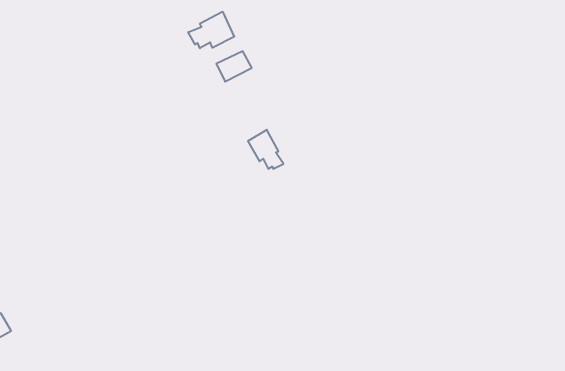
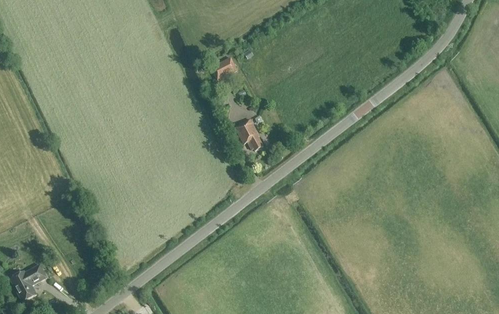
building: [188,12,234,48] -> none

